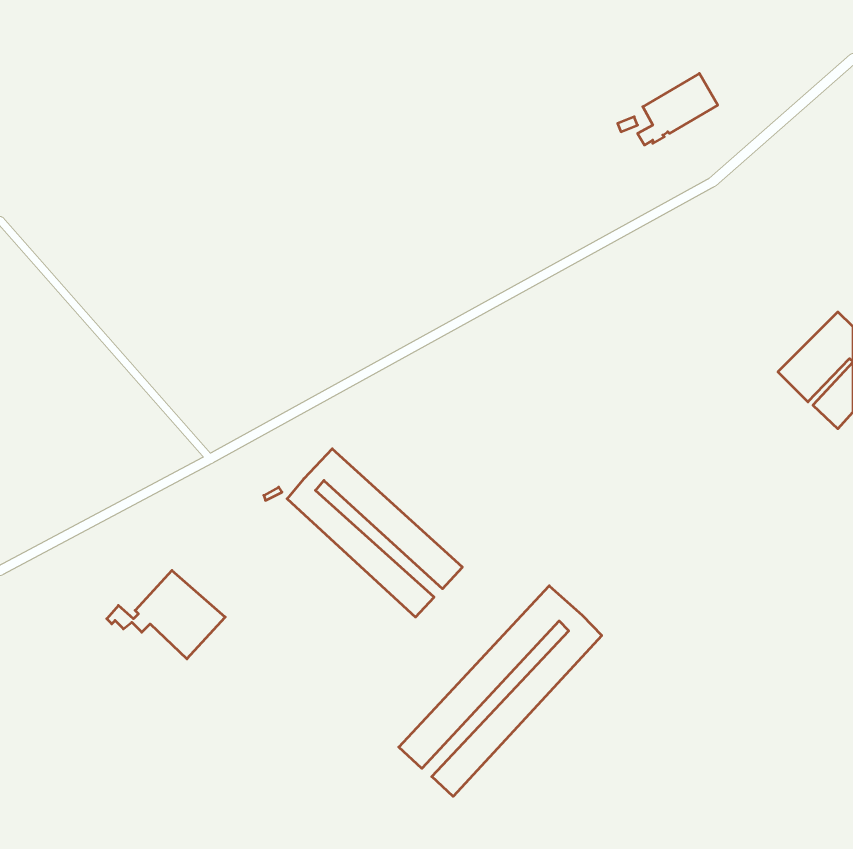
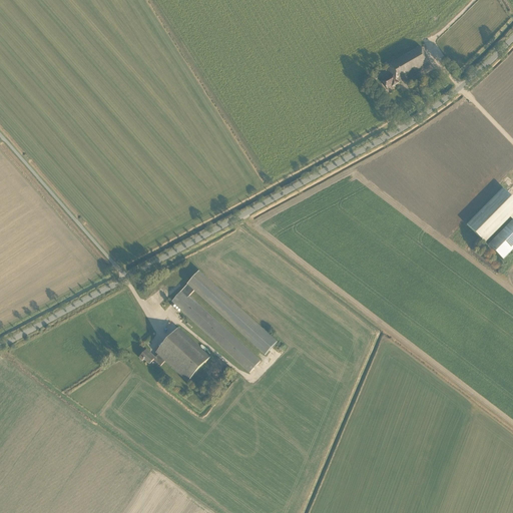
building: [107,570,225,659] -> [139,327,210,380]
building: [399,586,602,796] -> none

